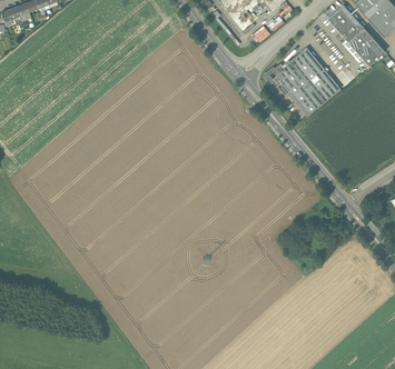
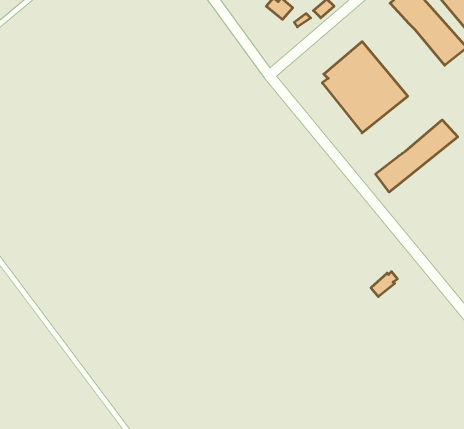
building: none -> [376,120,458,192]

